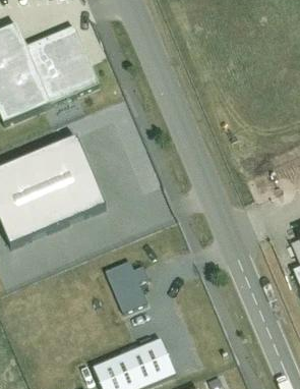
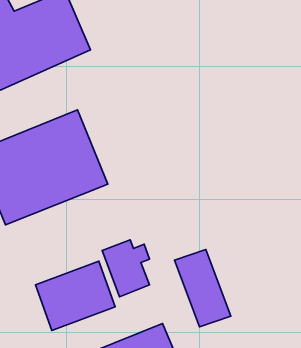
building: none -> [175,249,231,327]
building: none -> [36,261,115,330]

